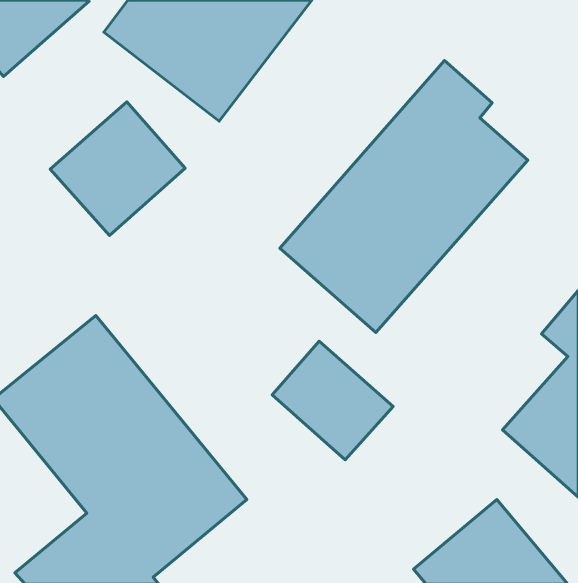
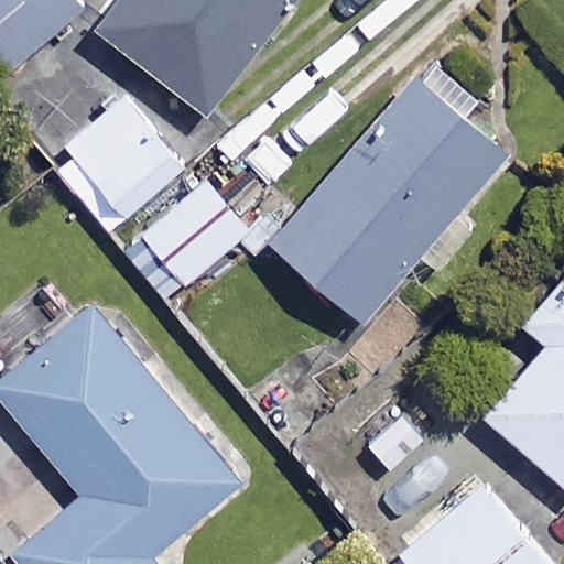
building: none -> [123,181,247,299]
building: [272,341,393,460] -> none

